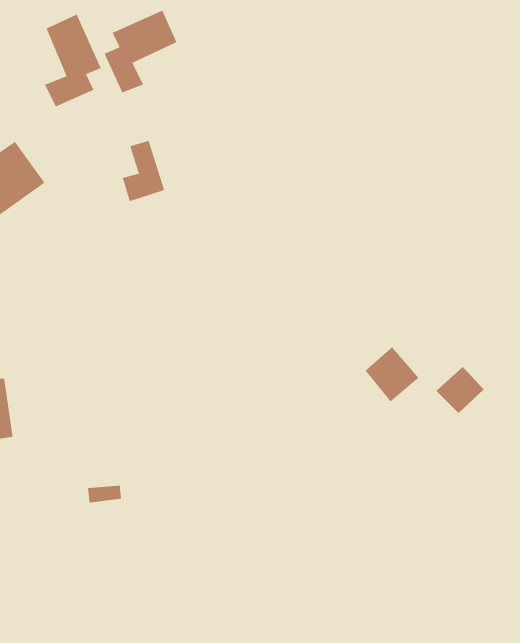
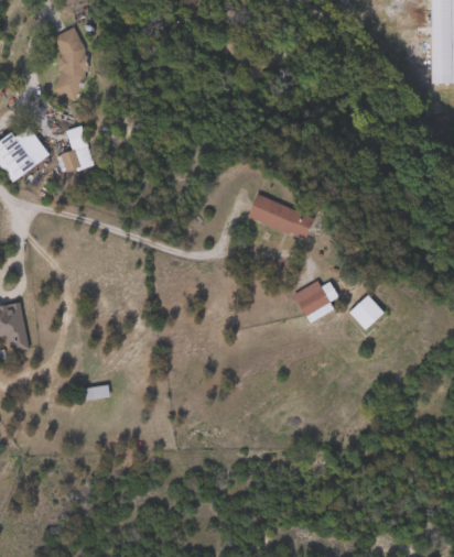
building: [104,9,177,94] -> none
building: [122,140,165,202] -> [61,125,94,173]
building: none -> [250,195,317,239]

